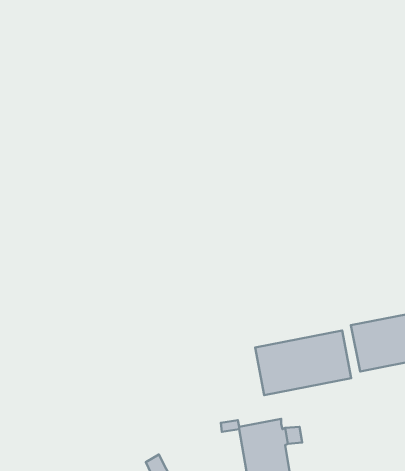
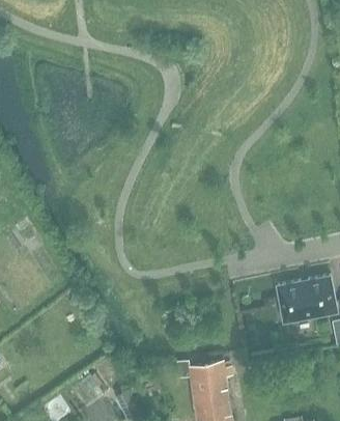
building: [255,331,351,395] -> none

